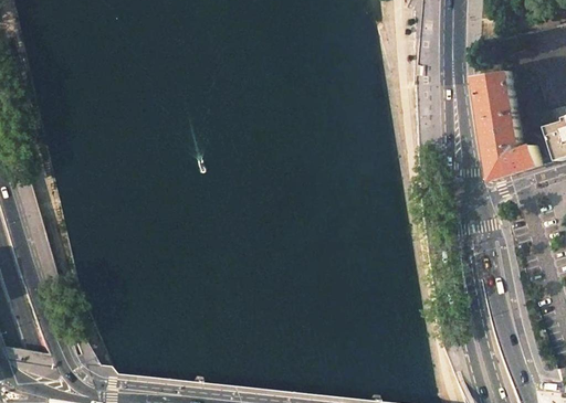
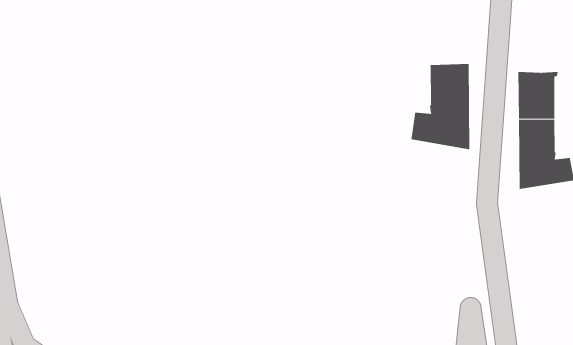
building: none -> [411,63,470,150]

